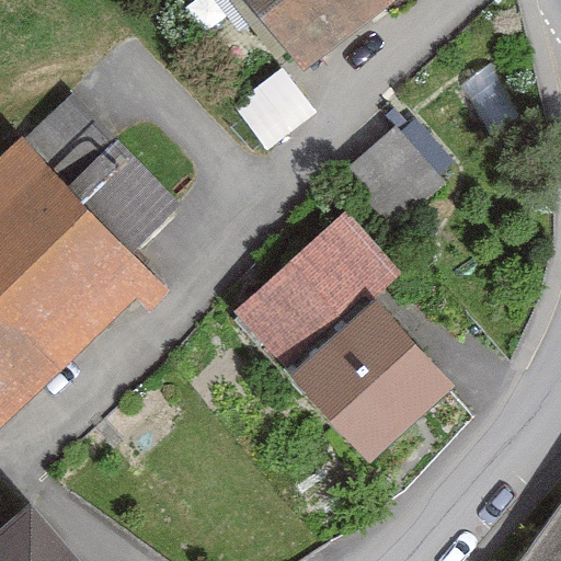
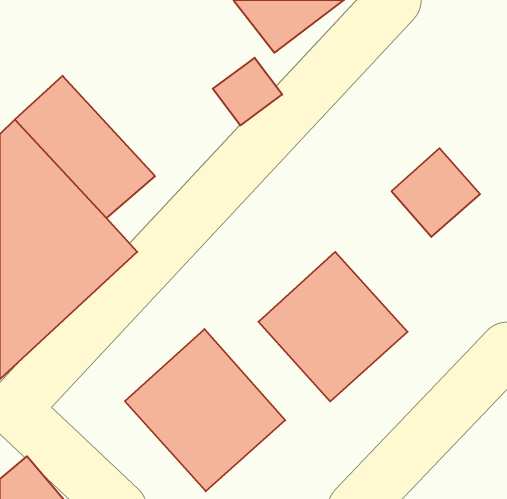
building: [345,126,443,224] -> [392,148,480,237]
building: [229,209,391,365] -> none
building: none -> [125,329,285,491]

